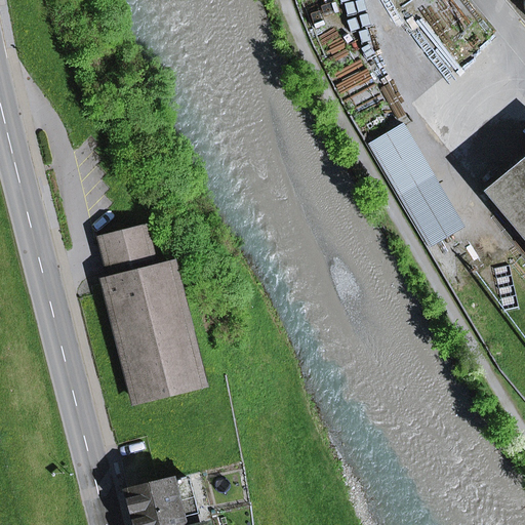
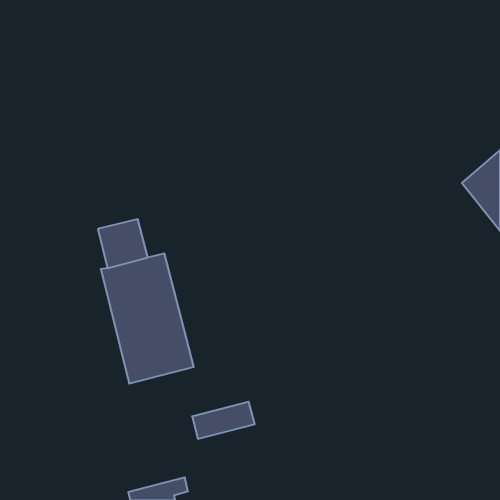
building: [371,127,458,239] -> none
building: [128,477,194,516] -> [192,402,255,439]

